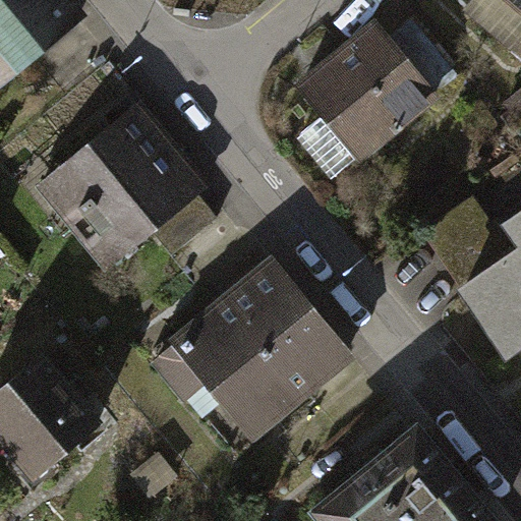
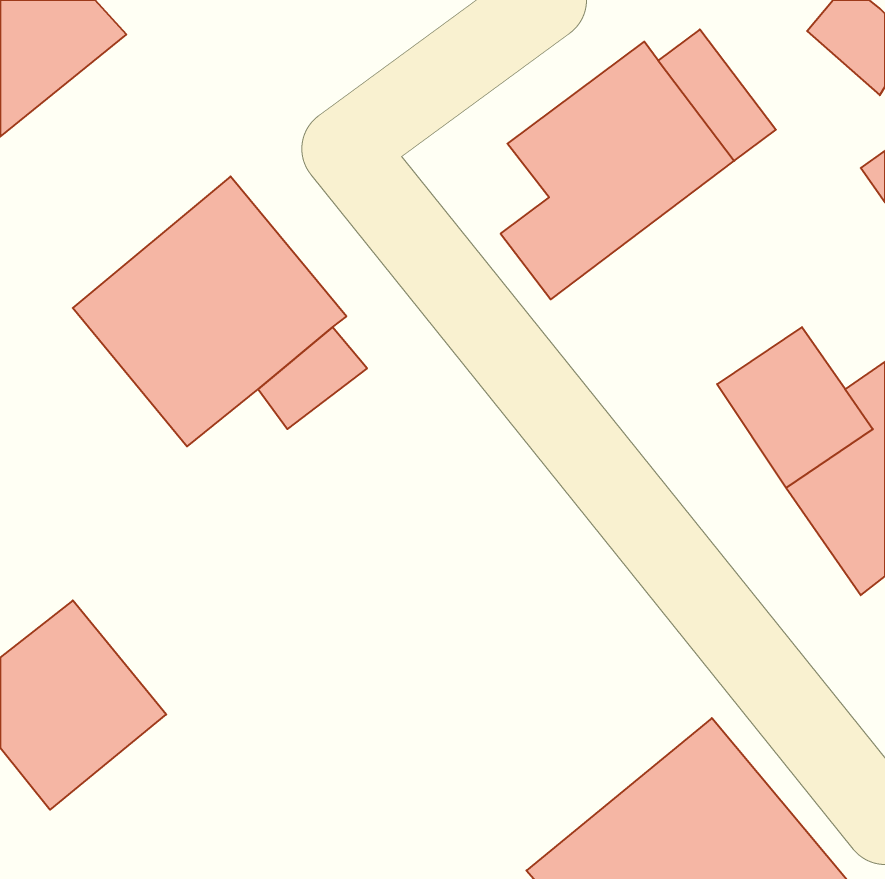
building: [156,266,348,424] -> none

